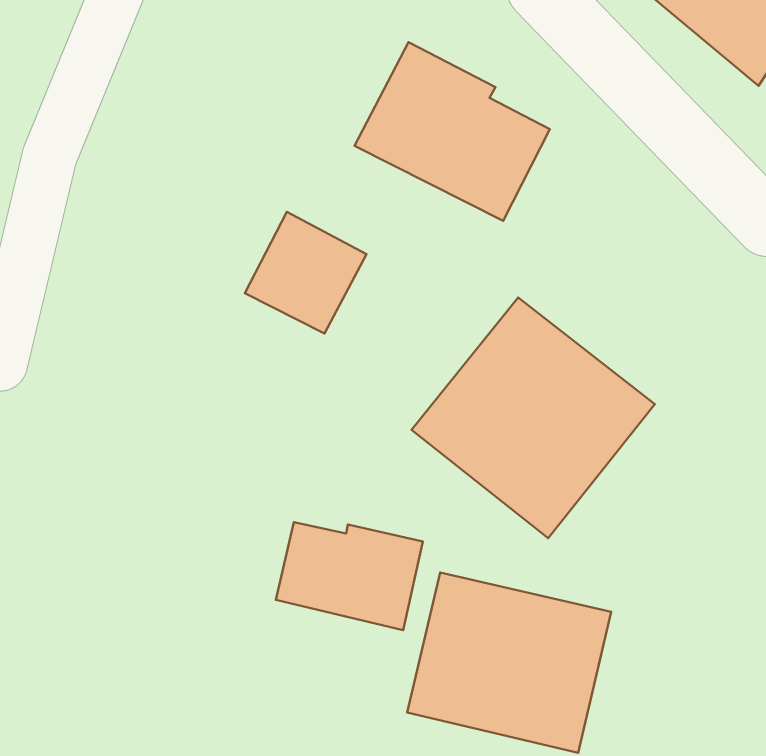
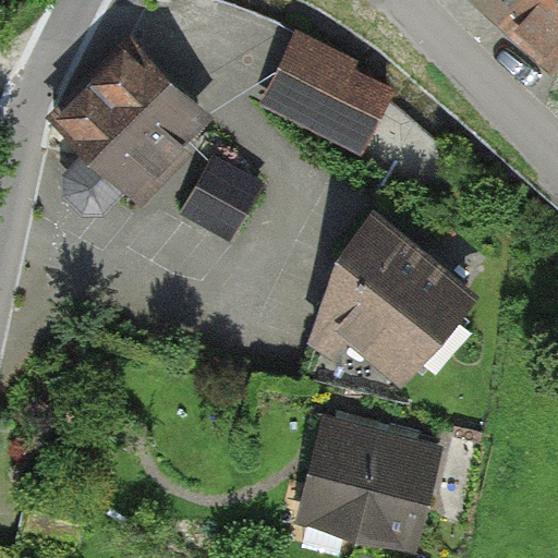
building: none -> [64,40,206,210]
building: [276,522,423,630] -> none

